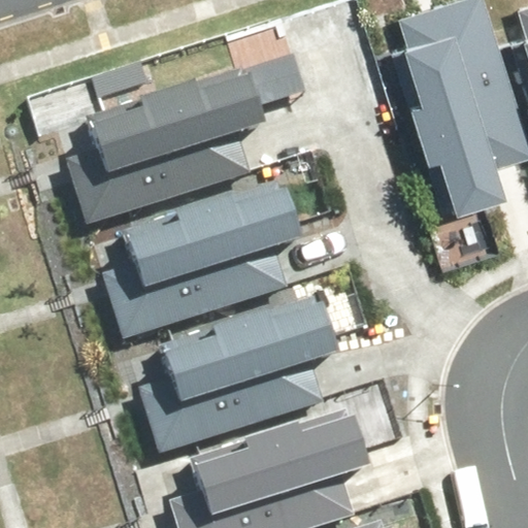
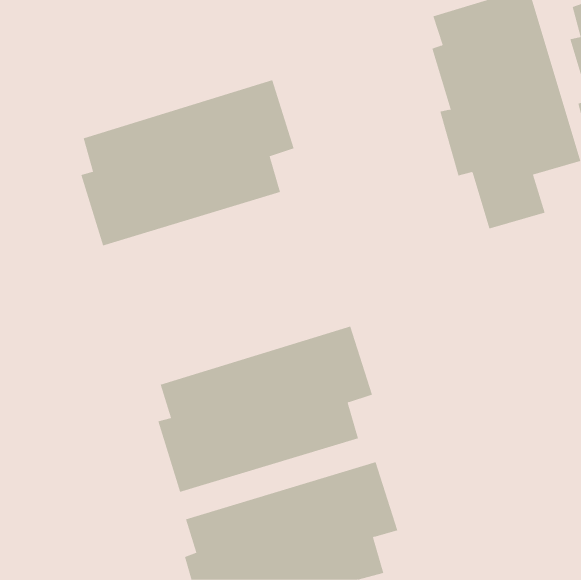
building: [116,184,307,333] -> none

